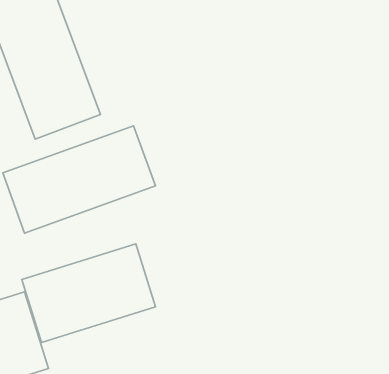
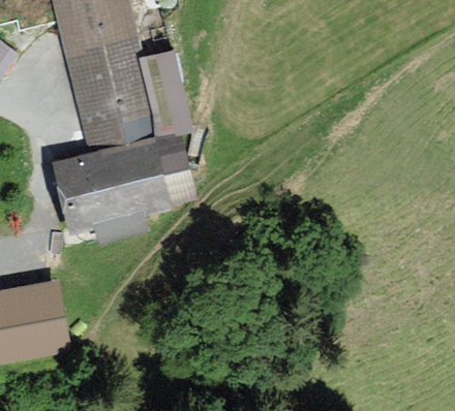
building: none -> [142,54,188,133]
building: [22,244,156,343] -> none

